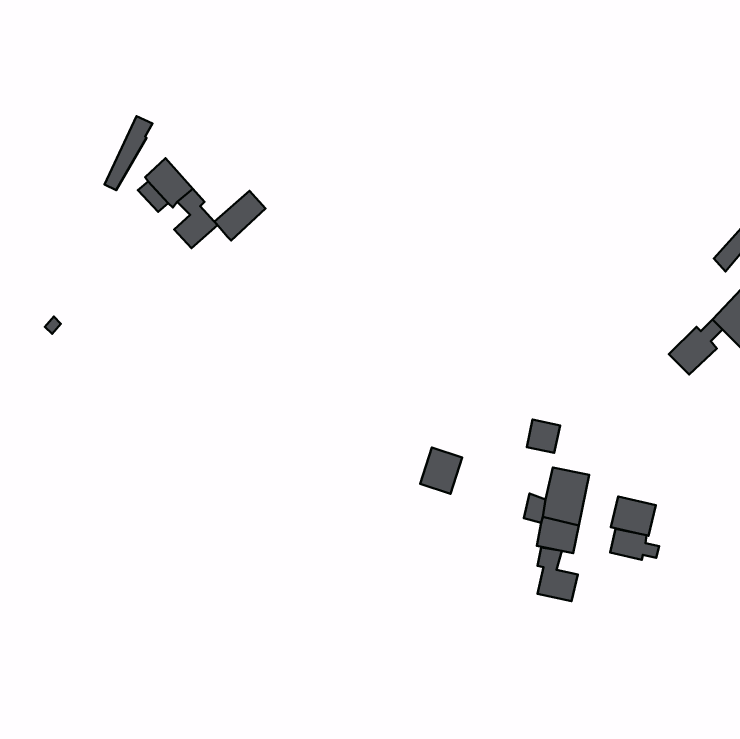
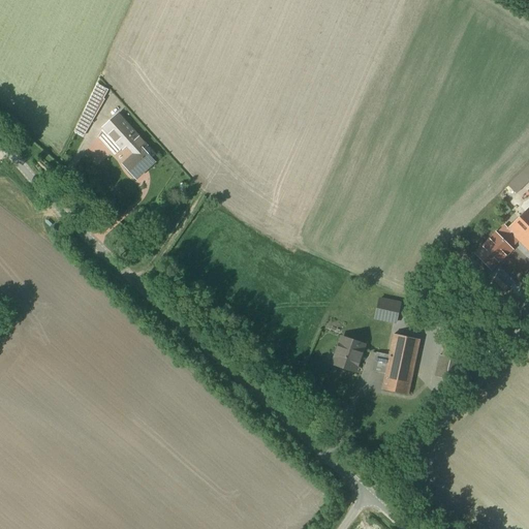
building: [215,191,266,240] -> none
building: [420,447,462,494] -> [335,336,365,369]
building: [610,529,659,560] -> none
building: [537,547,578,601] -> none

